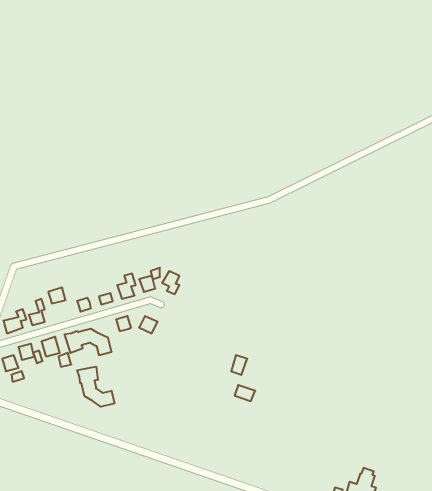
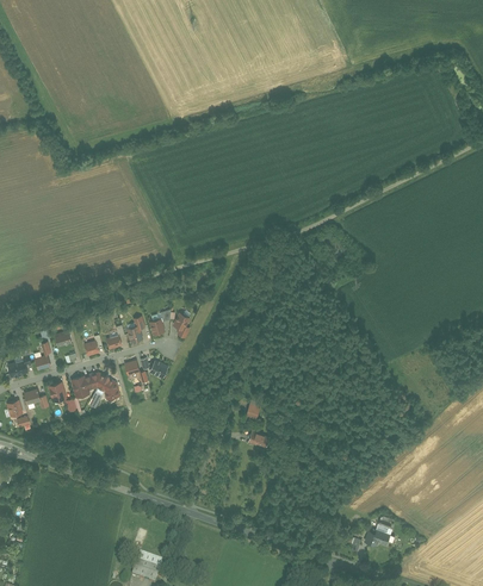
building: [77,367,114,407] -> none

